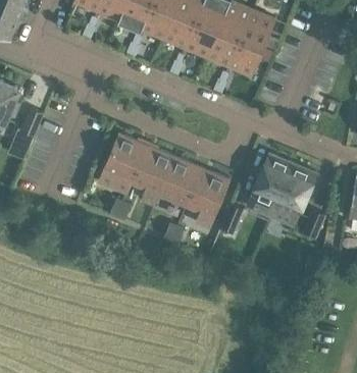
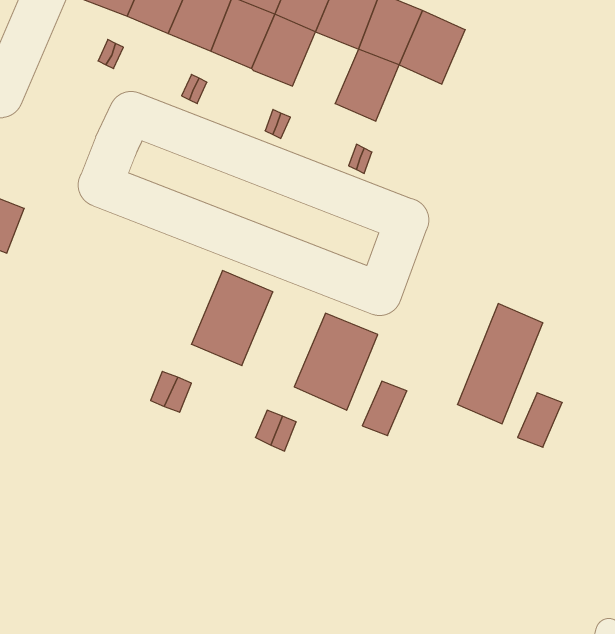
building: [184,20,218,58] -> none
building: [227,38,262,76] -> none
building: [102,134,147,184] -> none
building: [250,154,292,216] -> none
building: [157,157,201,207] -> none

